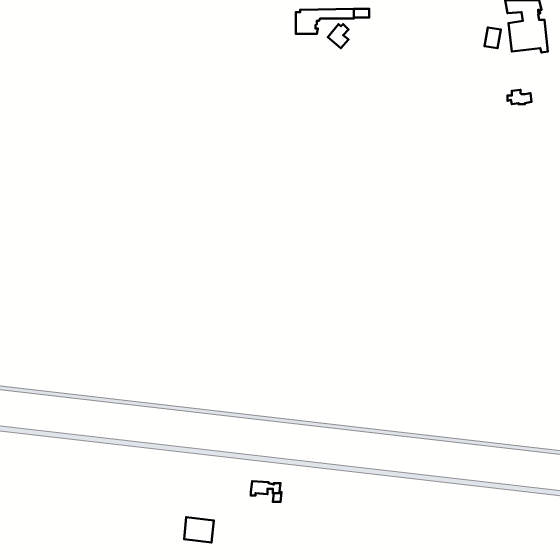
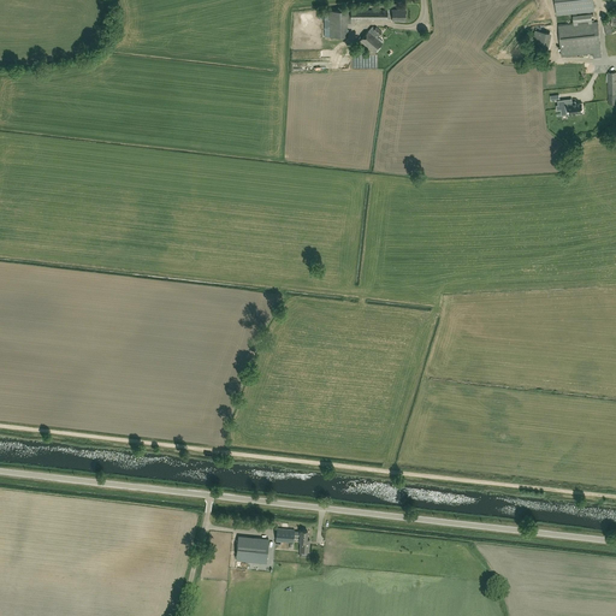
building: [184,517,214,543] -> [236,535,268,563]

